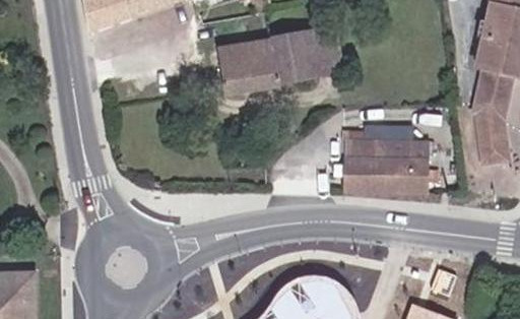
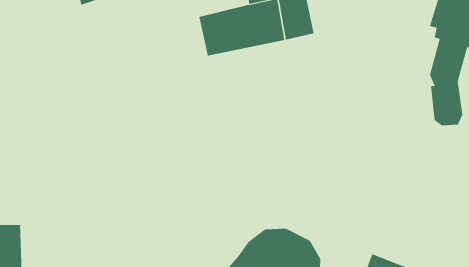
building: [359,132,425,193] -> none

